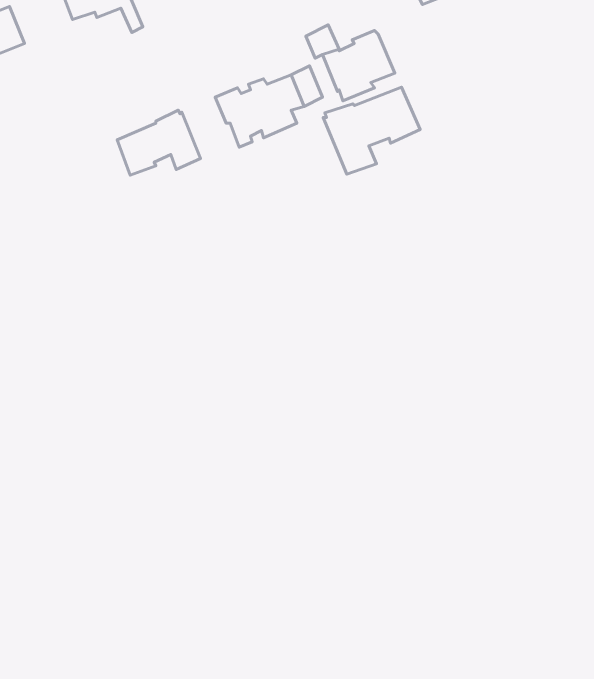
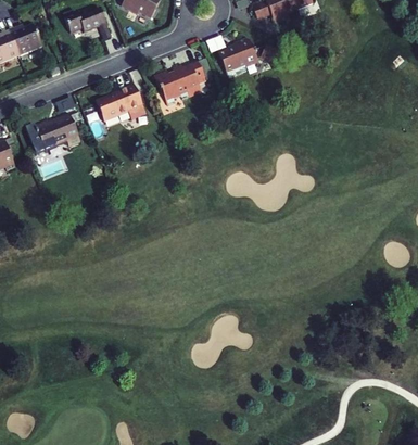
building: [323,87,420,174] -> none
building: none -> [35,115,80,150]

